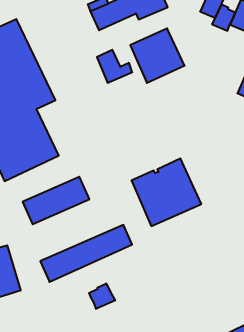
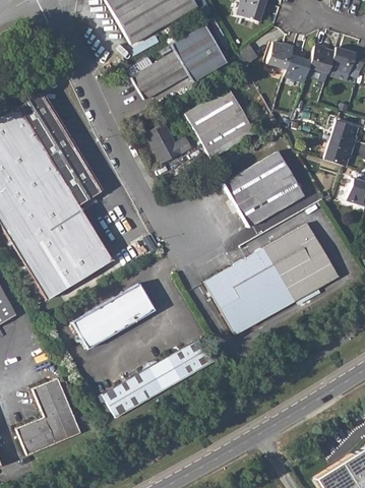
building: none -> [223,151,304,228]
building: none -> [262,224,337,301]
building: [89,283,115,309] -> none

